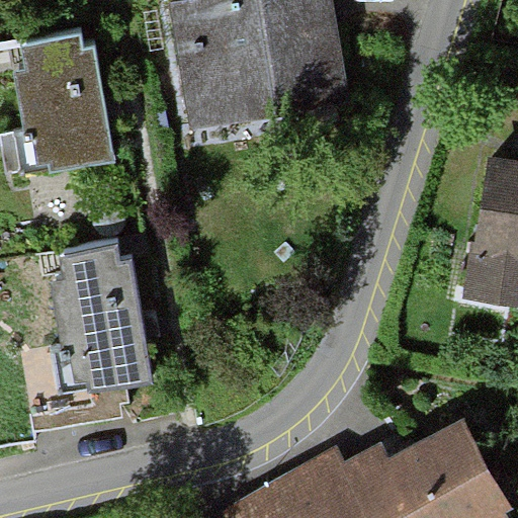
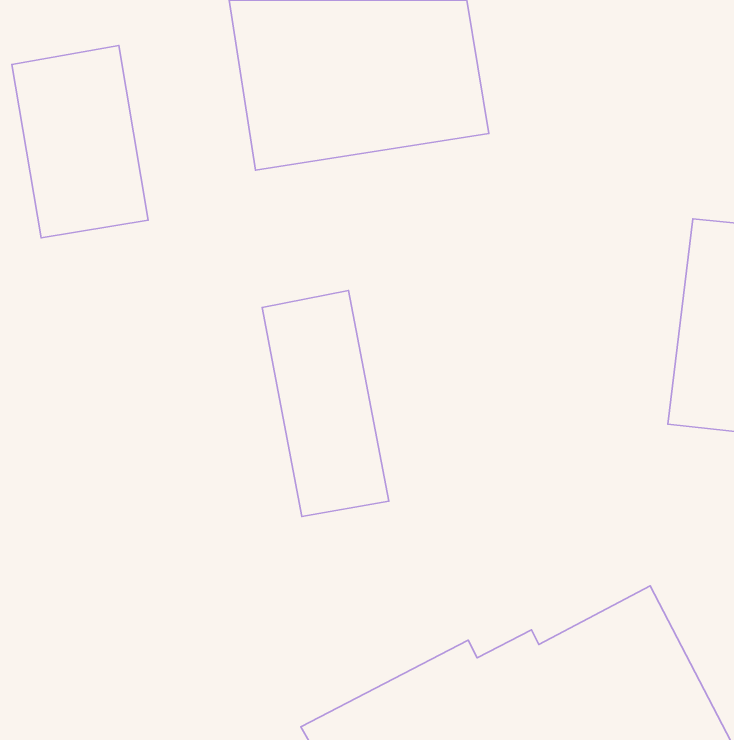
building: none -> [262,291,389,516]
building: [50,243,150,396] -> none

